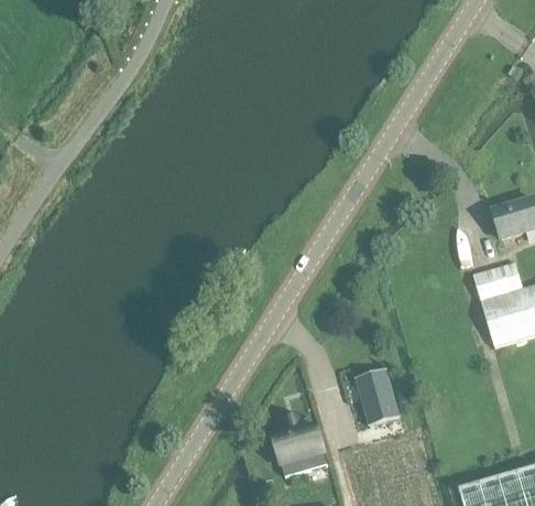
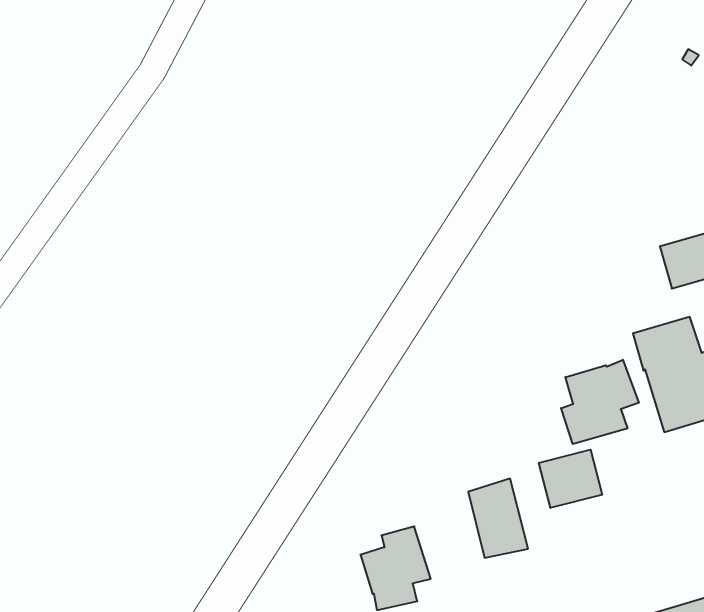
building: none -> [561,360,639,444]
building: none -> [539,450,602,508]

